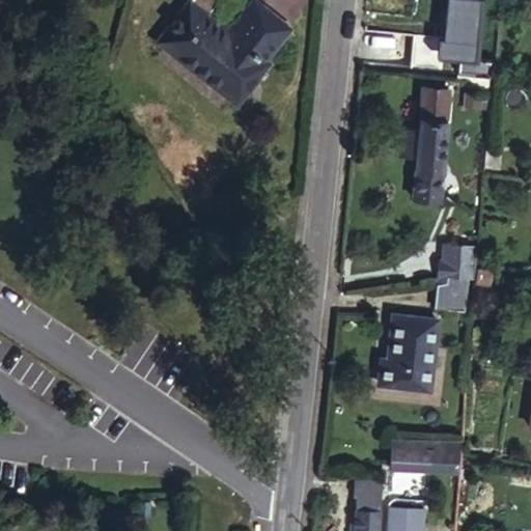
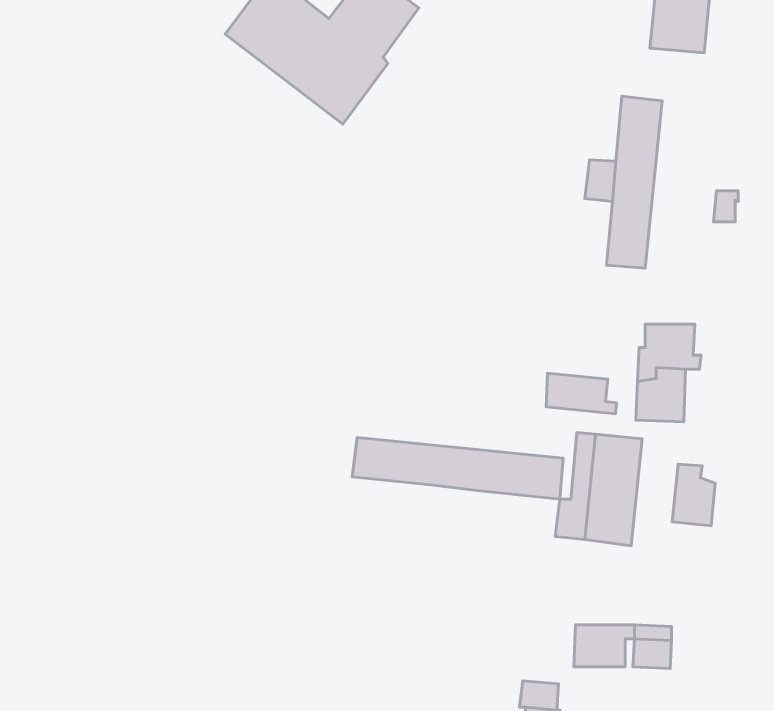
building: none -> [546,373,617,414]
building: none -> [352,438,563,499]
building: none -> [672,464,715,526]

